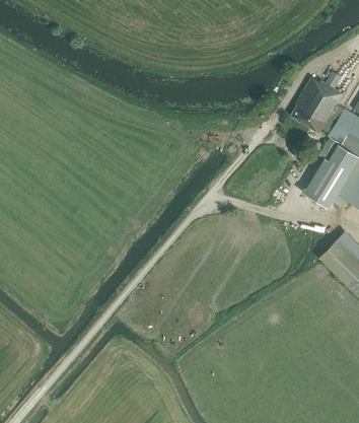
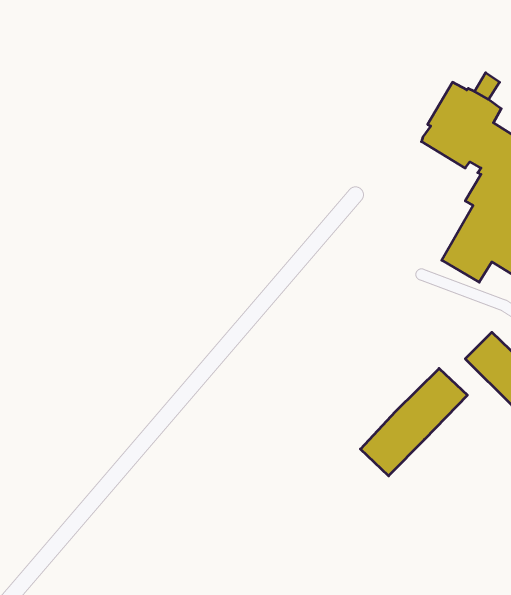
building: none -> [360,368,467,476]

